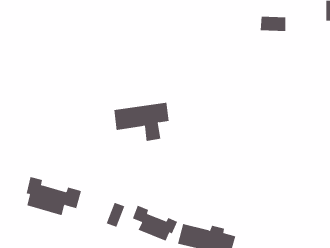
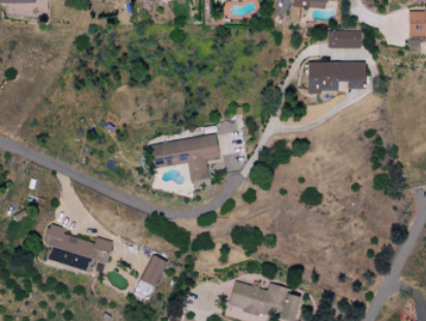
building: none -> [307,61,365,91]
building: [132,205,178,241] -> none

